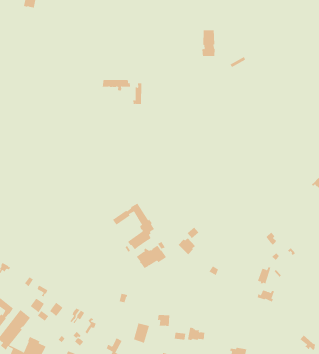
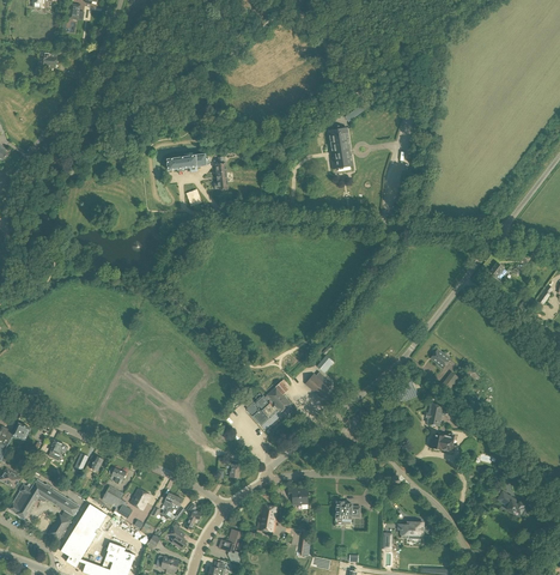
building: [201,30,215,57] -> [329,127,352,168]
building: [112,203,155,250] -> none

